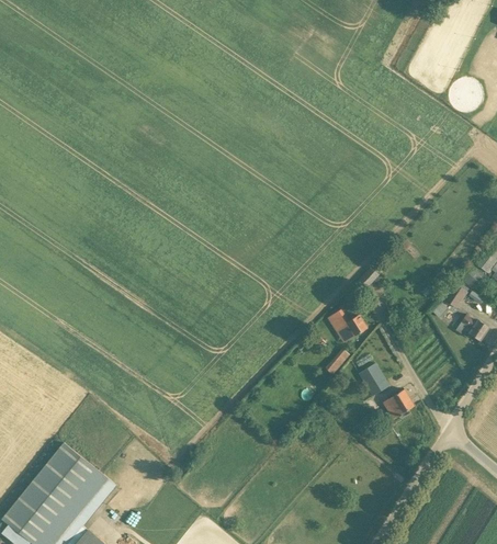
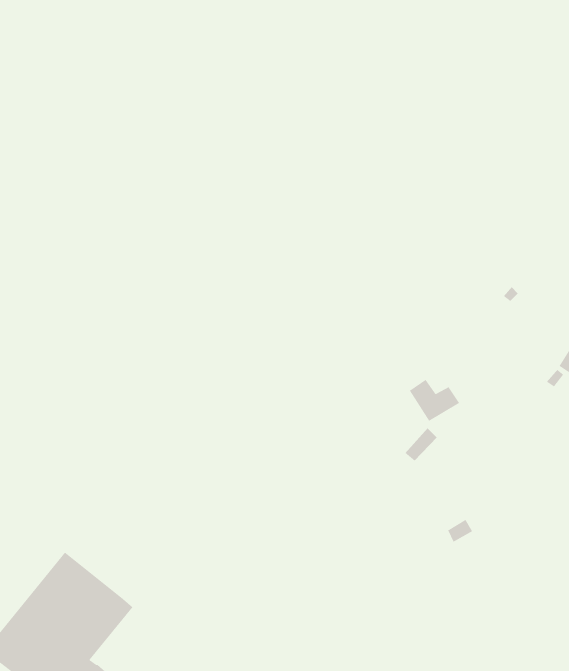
building: [359,364,389,397] -> none
building: [383,390,414,419] -> none

